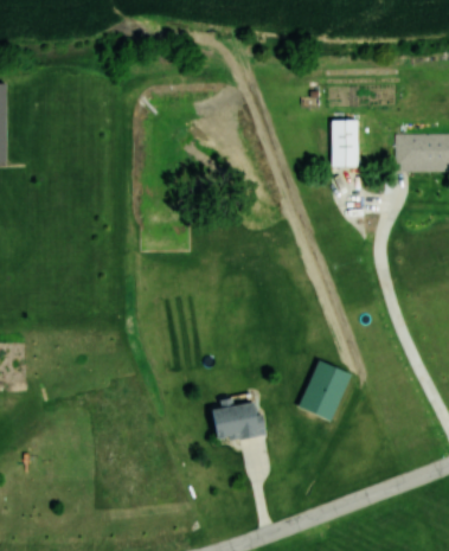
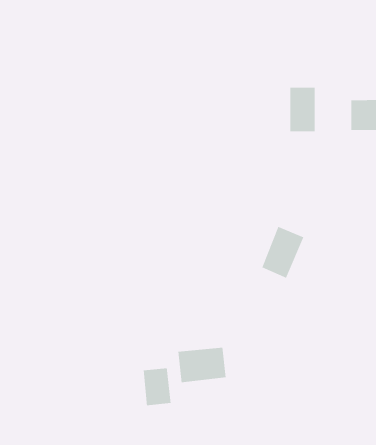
building: [303,364,349,421] -> [262,226,304,278]
building: none -> [143,368,171,406]

